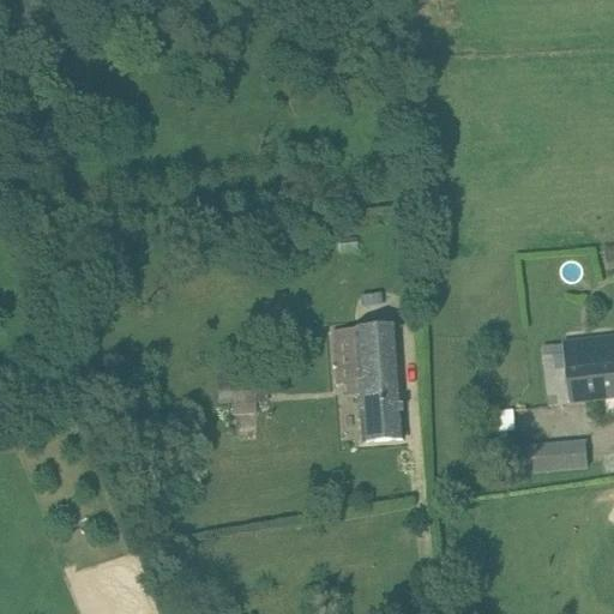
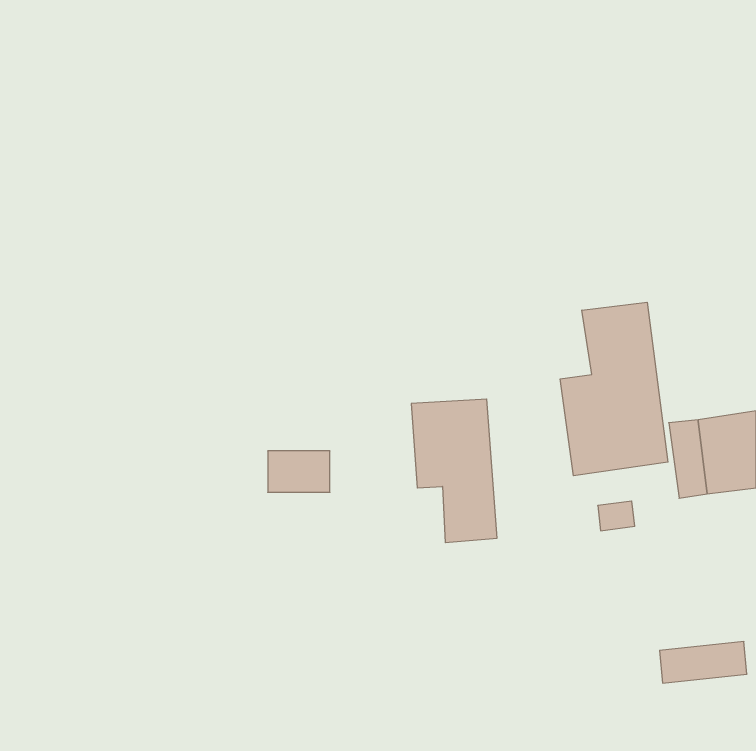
building: none -> [560,302,668,476]
building: [517,439,588,472] -> [660,642,747,683]

